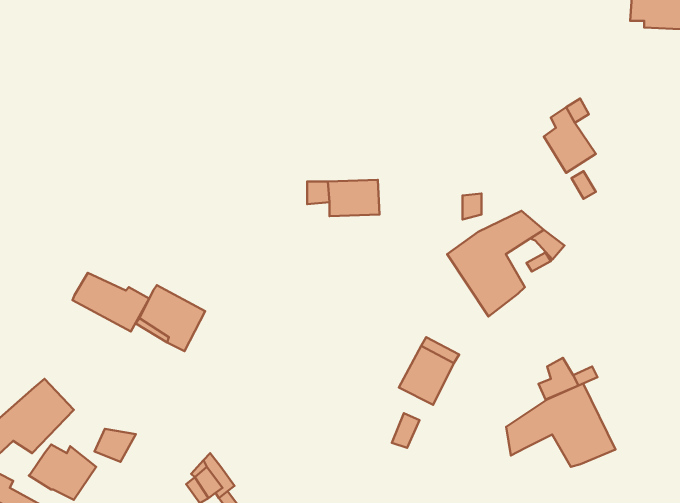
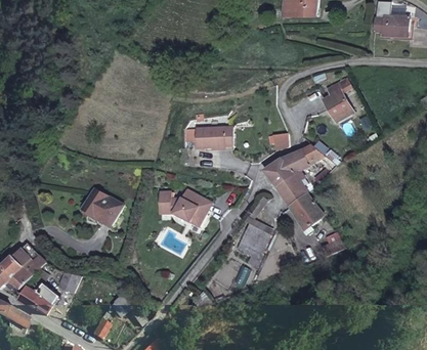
building: [73,273,149,332] -> none
building: none -> [159,188,211,226]
building: none -> [291,193,324,229]
building: [506,384,616,467] -> none

